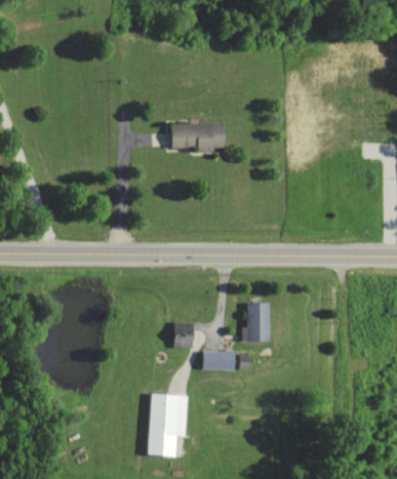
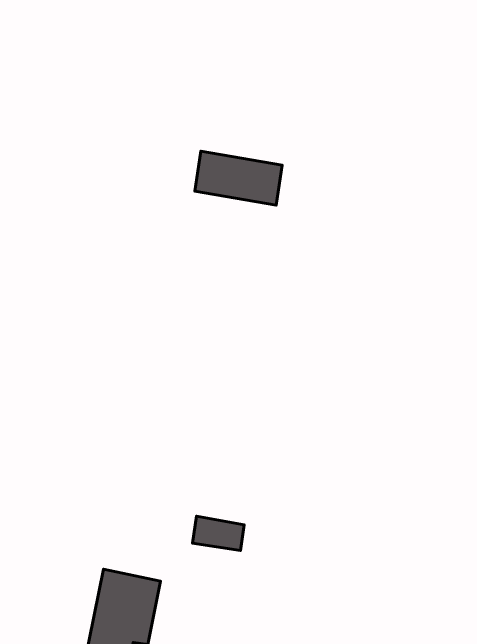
building: [241,302,270,341] -> none
building: [174,321,194,347] -> none

